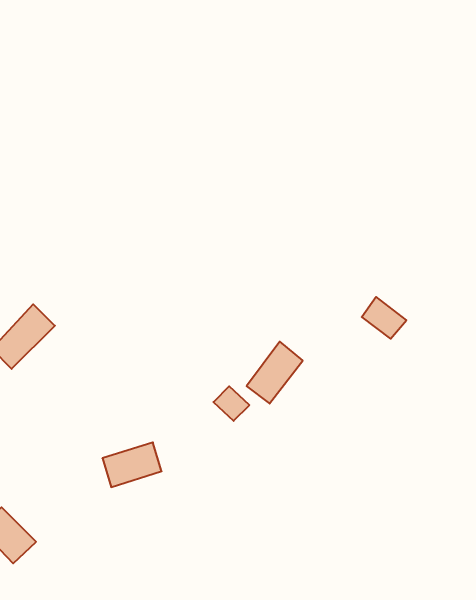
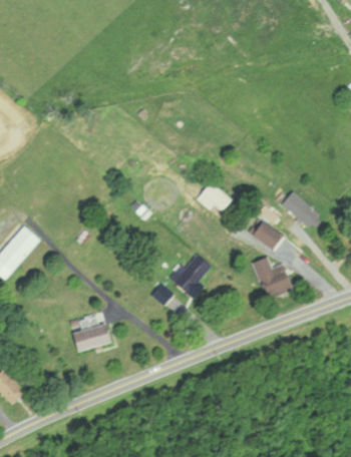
building: none -> [197,181,233,212]
building: none -> [280,188,320,227]
building: none -> [257,256,284,298]

